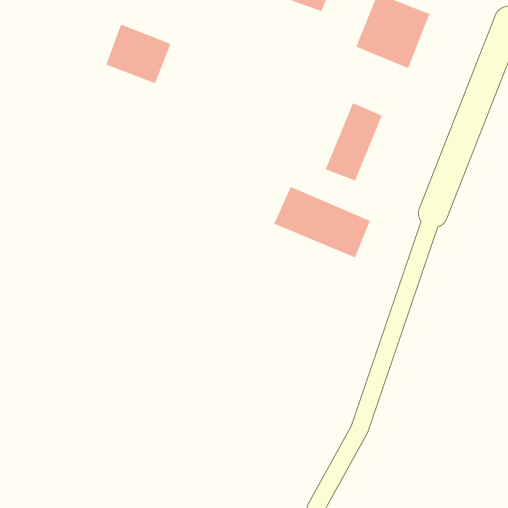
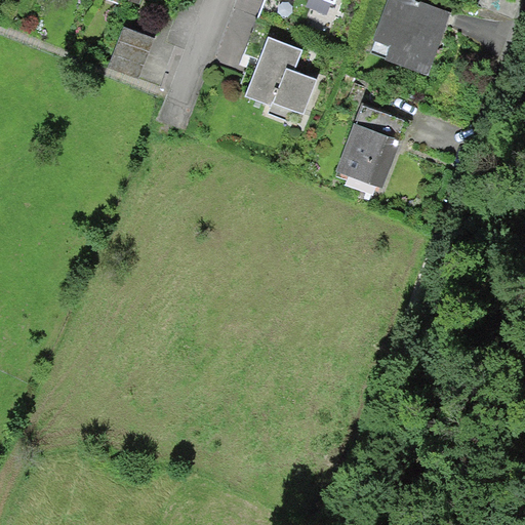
building: none -> [249,36,318,124]
building: [274,186,370,258] -> none

